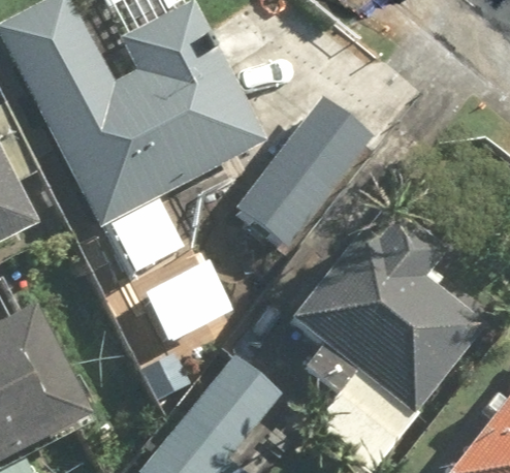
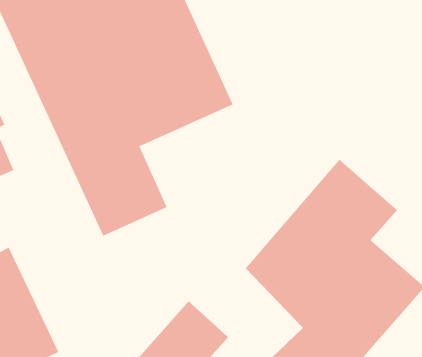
building: [234,96,376,251] -> none

